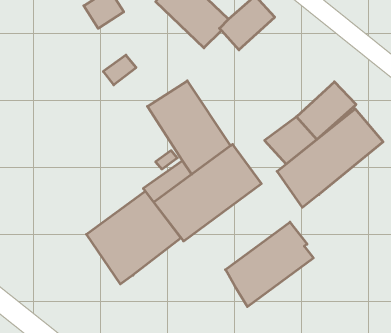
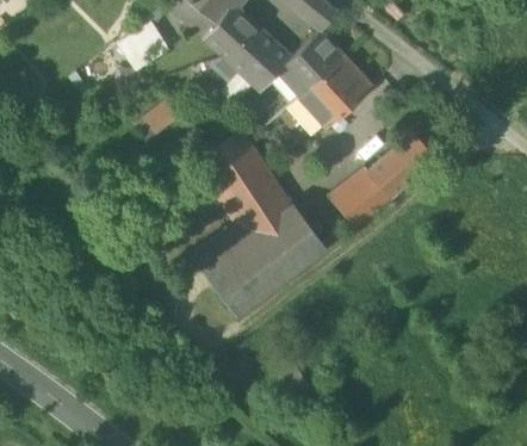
building: none -> [299,56,372,135]
building: [277,109,383,207] -> none
building: [86,191,181,284] -> none
building: [225,222,313,307] -> none

